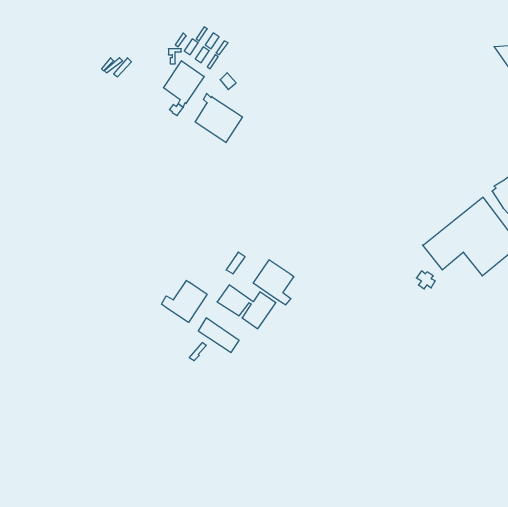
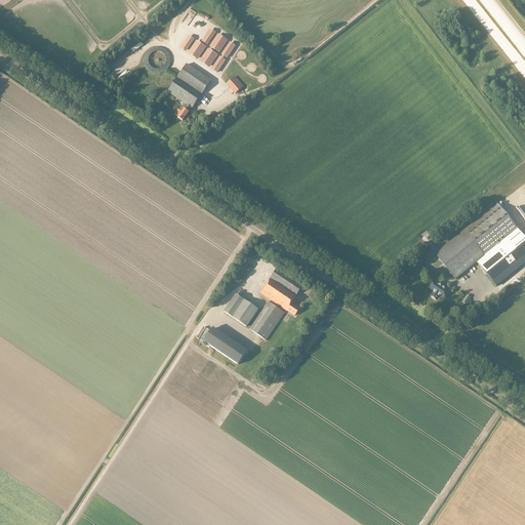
building: [195,93,242,143] -> none
building: [162,280,207,322] -> none

